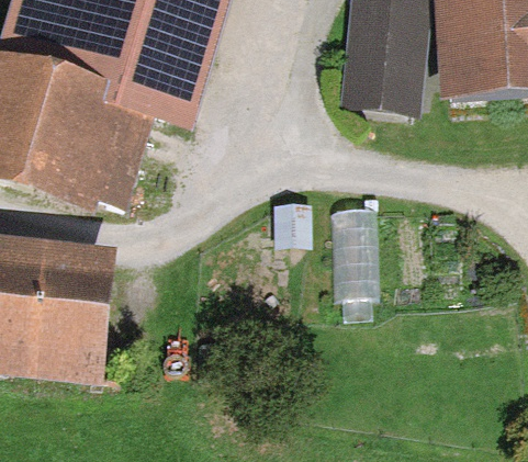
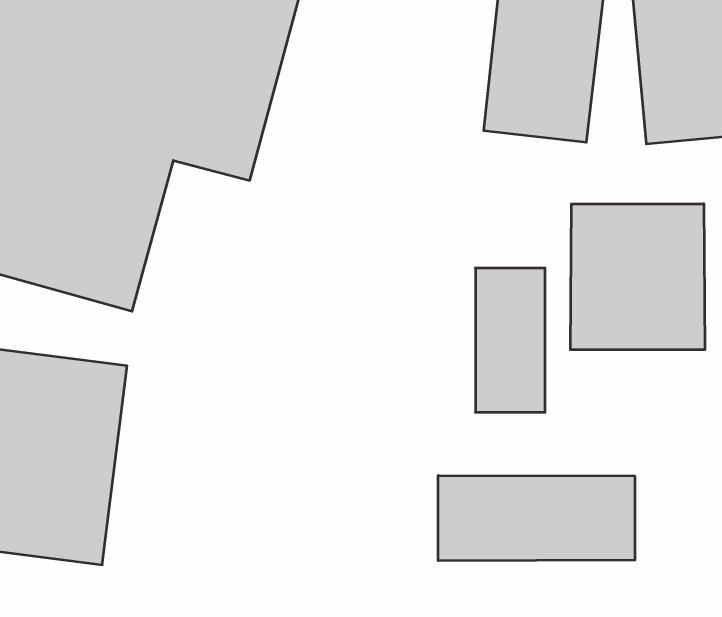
building: none -> [570,204,705,350]
building: none -> [438,475,635,561]

